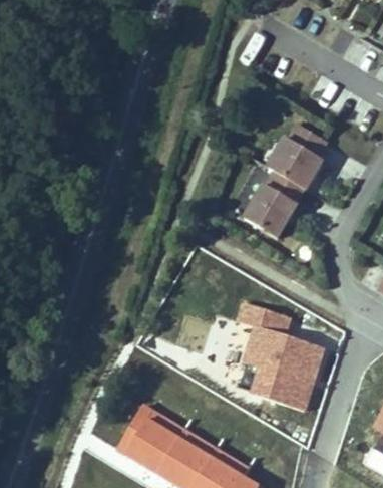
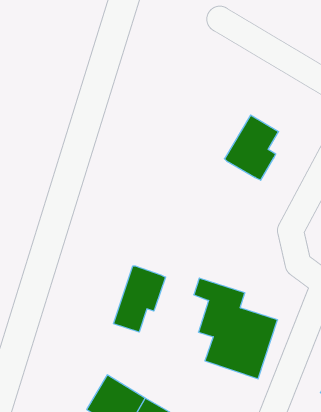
building: [243,175,302,244] -> none
building: none -> [114,266,166,332]

